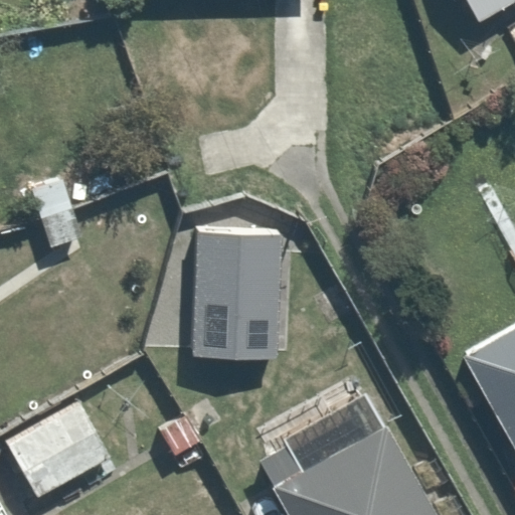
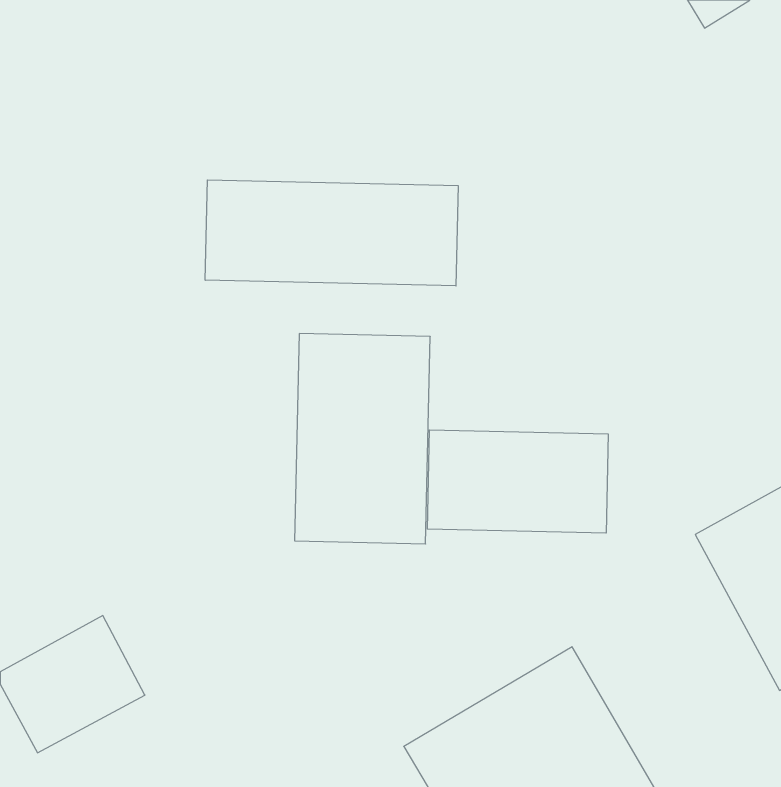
building: none -> [205,180,458,286]
building: none -> [427,430,608,533]

